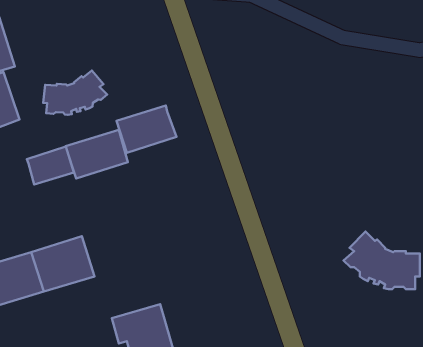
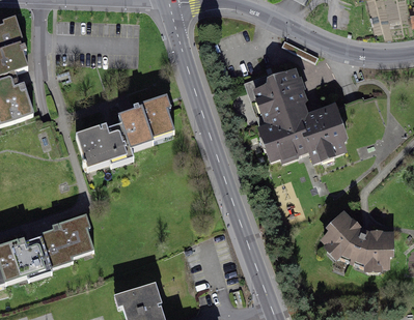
building: [43,71,107,115] -> none
building: none -> [253,70,346,161]
building: [27,146,74,185] -> none

